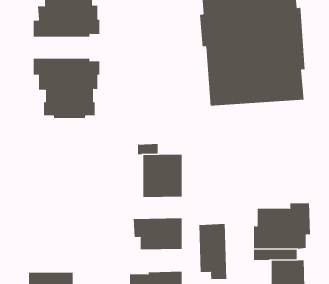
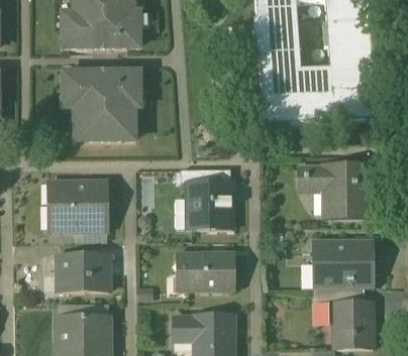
building: none -> [298,165,369,216]
building: none -> [47,182,108,232]
building: none -> [58,255,108,291]
building: [199,223,227,280] -> none

